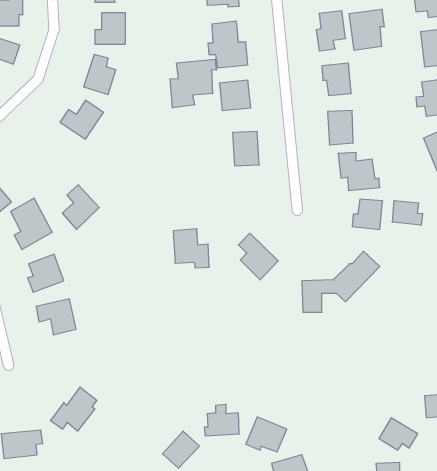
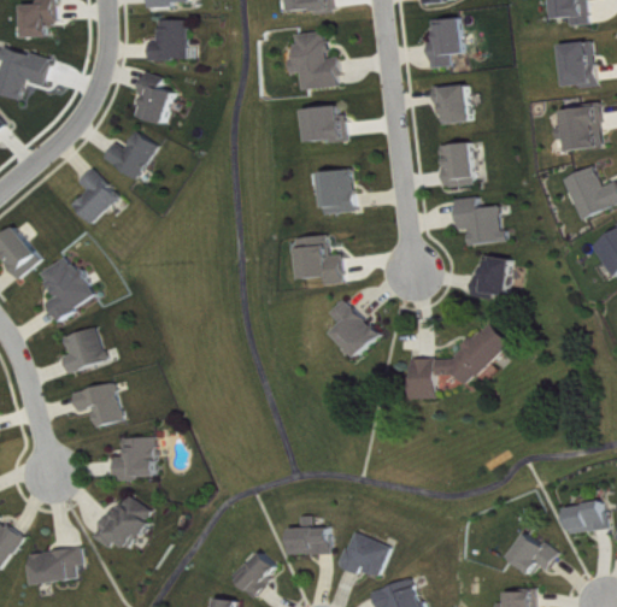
building: [349,9,384,50] -> none
building: [170,59,216,108] -> none
building: [62,185,99,229] -> [69,167,116,224]
building: [392,200,423,225] -> none
building: [173,229,209,268] -> [295,235,341,284]
building: none -> [110,436,153,478]

